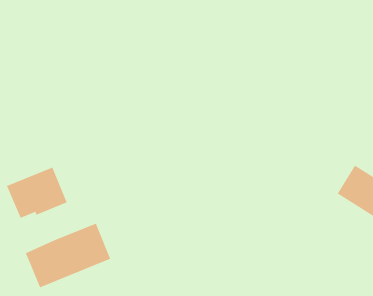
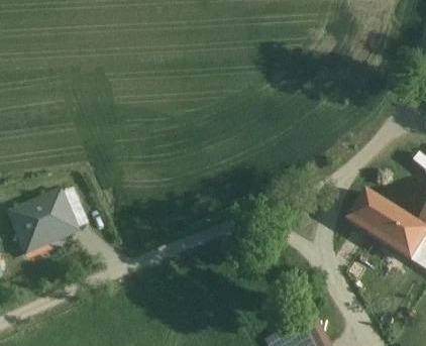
building: [25,223,111,288] -> none

